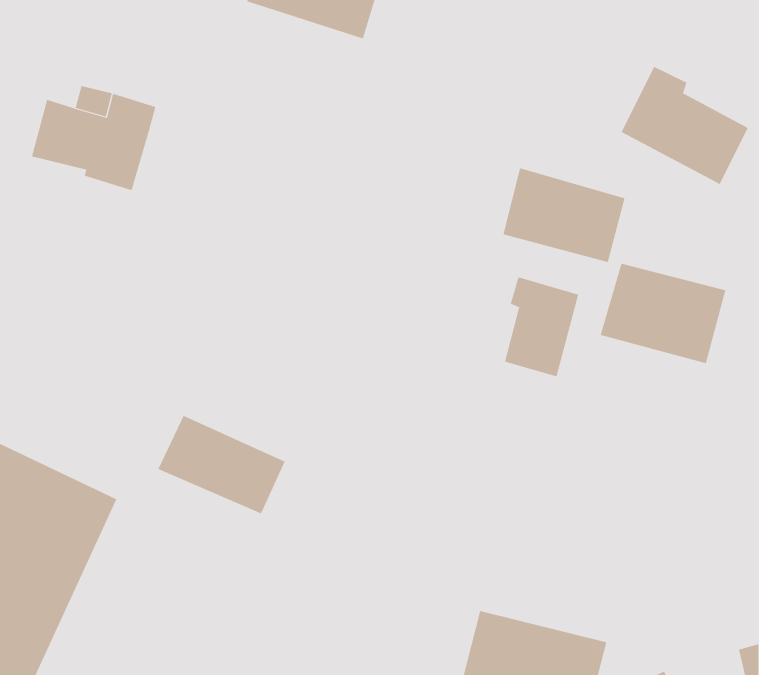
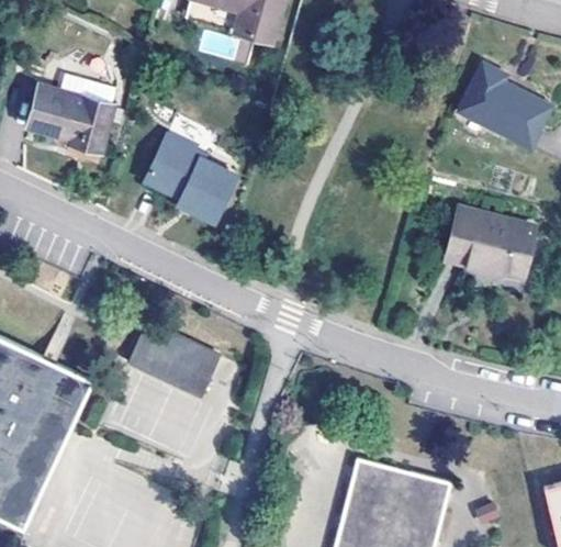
building: none -> [144,134,236,222]
building: [503,168,625,263] -> none
building: [504,277,579,377] -> none

